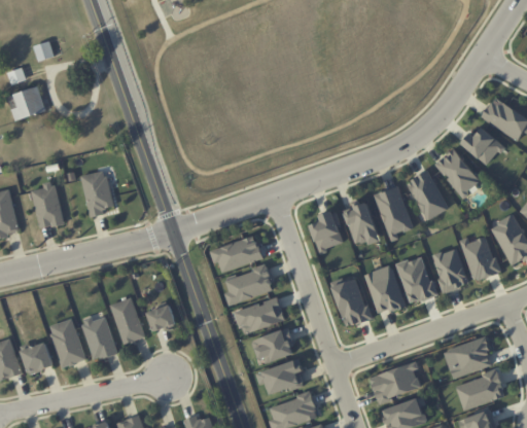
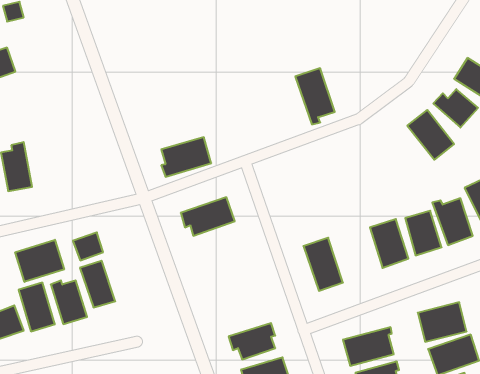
building: [79,170,113,217] -> none
building: [406,170,448,220] -> none
building: [373,185,412,241] -> [295,68,335,124]
building: [343,200,378,245] -> none
building: [310,210,343,252] -> none
building: [363,264,405,313] -> none
building: [223,265,273,305] -> [161,137,211,177]
building: none -> [15,240,64,282]
building: [235,297,284,334] -> none
building: [146,305,176,332] -> [73,232,103,260]
building: [253,328,294,364] -> none

